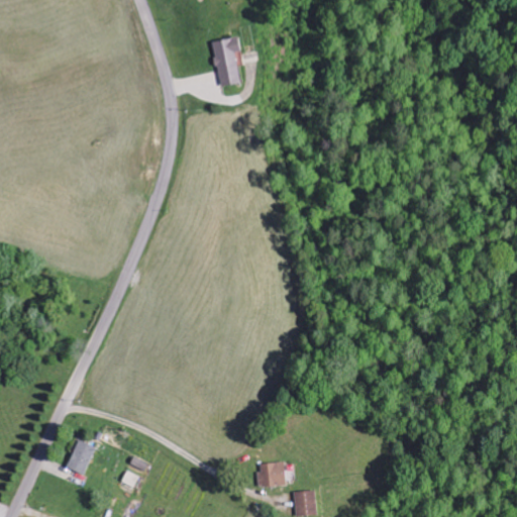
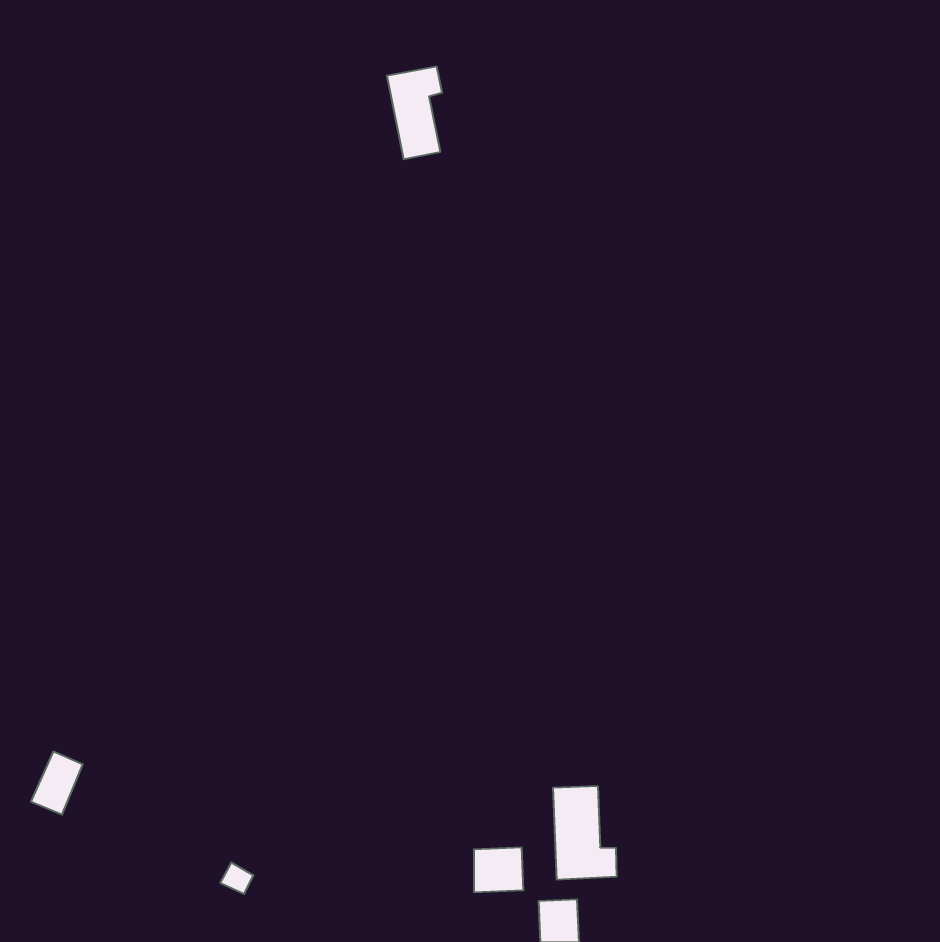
building: none -> [553,786,617,880]
building: [67,440,95,475] -> [31,752,83,815]

